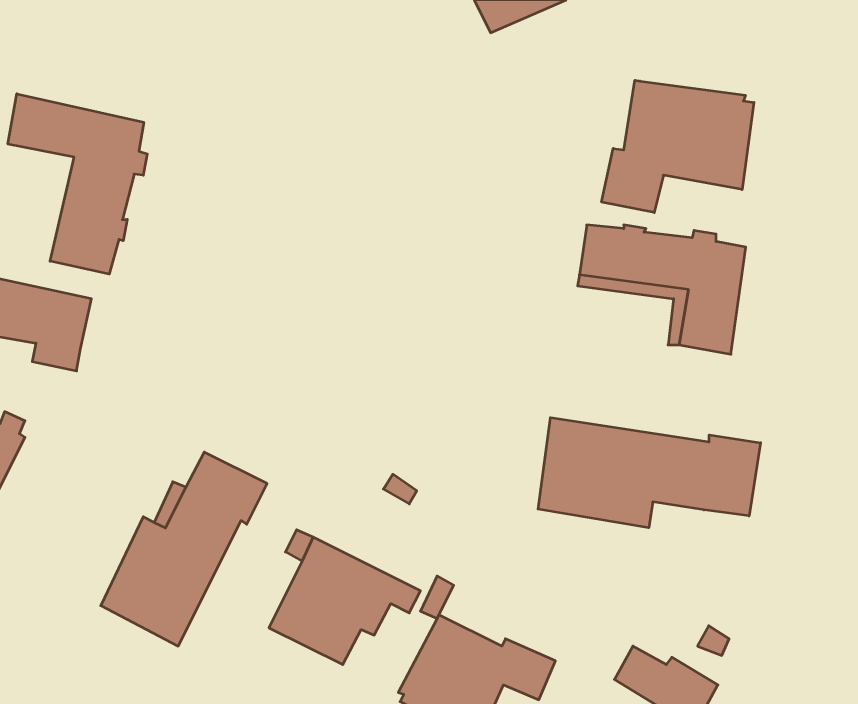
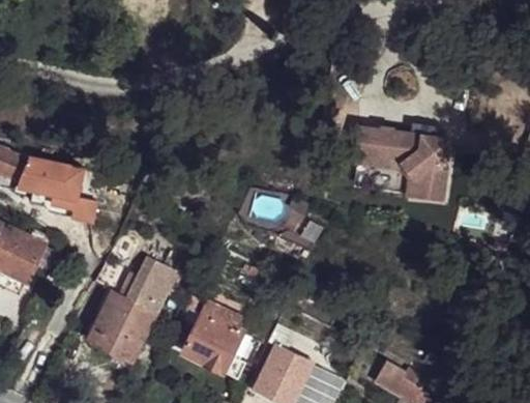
building: [602,80,754,213] -> none
building: [8,94,147,274] -> none
building: [538,418,761,528] -> none

